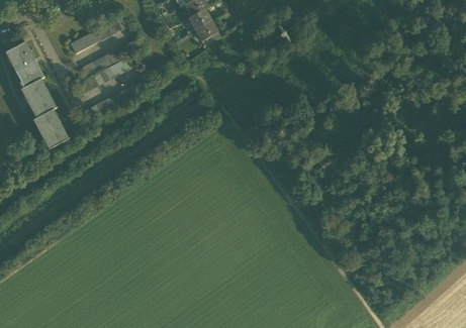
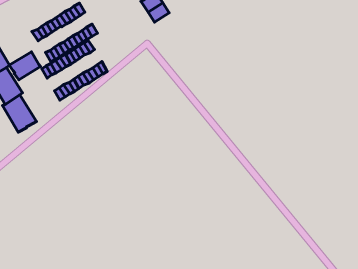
building: none -> [9,52,40,80]

